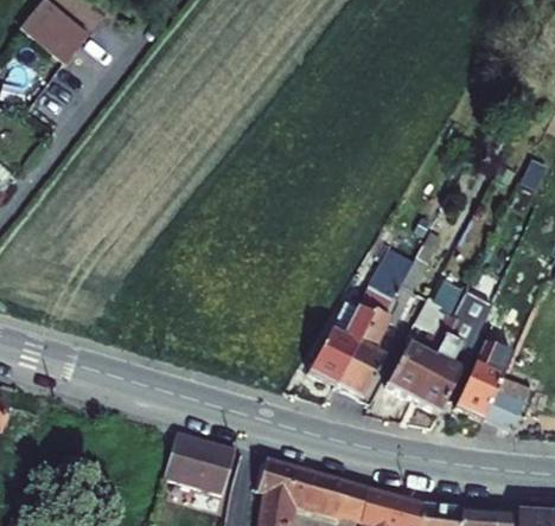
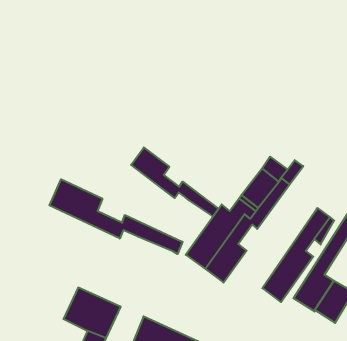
building: none -> [131,147,218,217]
building: [387,282,467,402] -> none
building: none -> [49,179,183,254]

